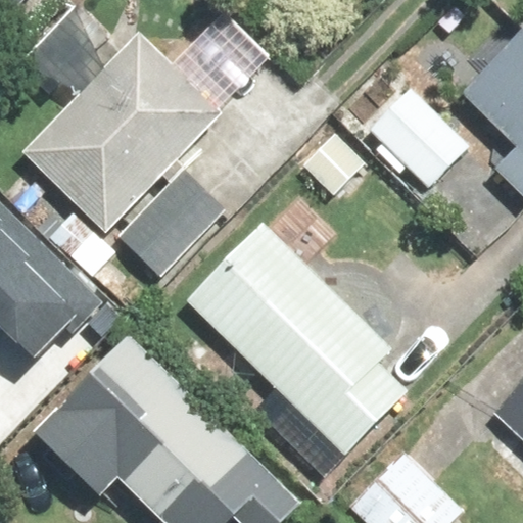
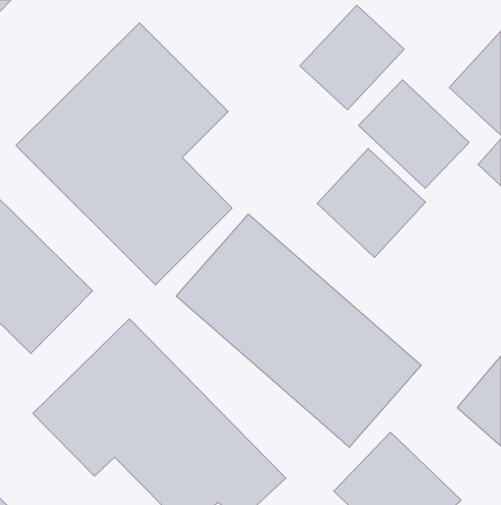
building: none -> [300,5,404,110]
building: none -> [317,148,426,257]

